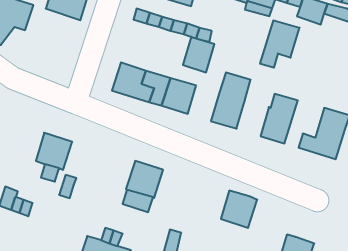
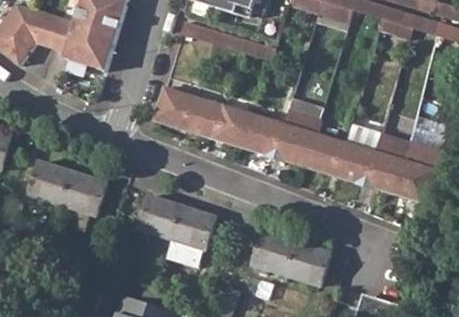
building: none -> [49,17,116,71]
building: [260,20,300,68] -> [363,132,411,189]
building: [183,37,214,72] -> [246,114,284,157]
building: none -> [305,132,344,175]
building: none -> [28,161,72,205]
building: none -> [138,195,182,239]
building: none -> [252,231,296,275]

